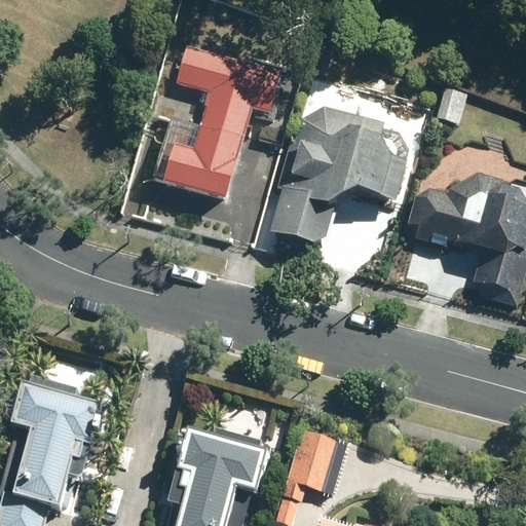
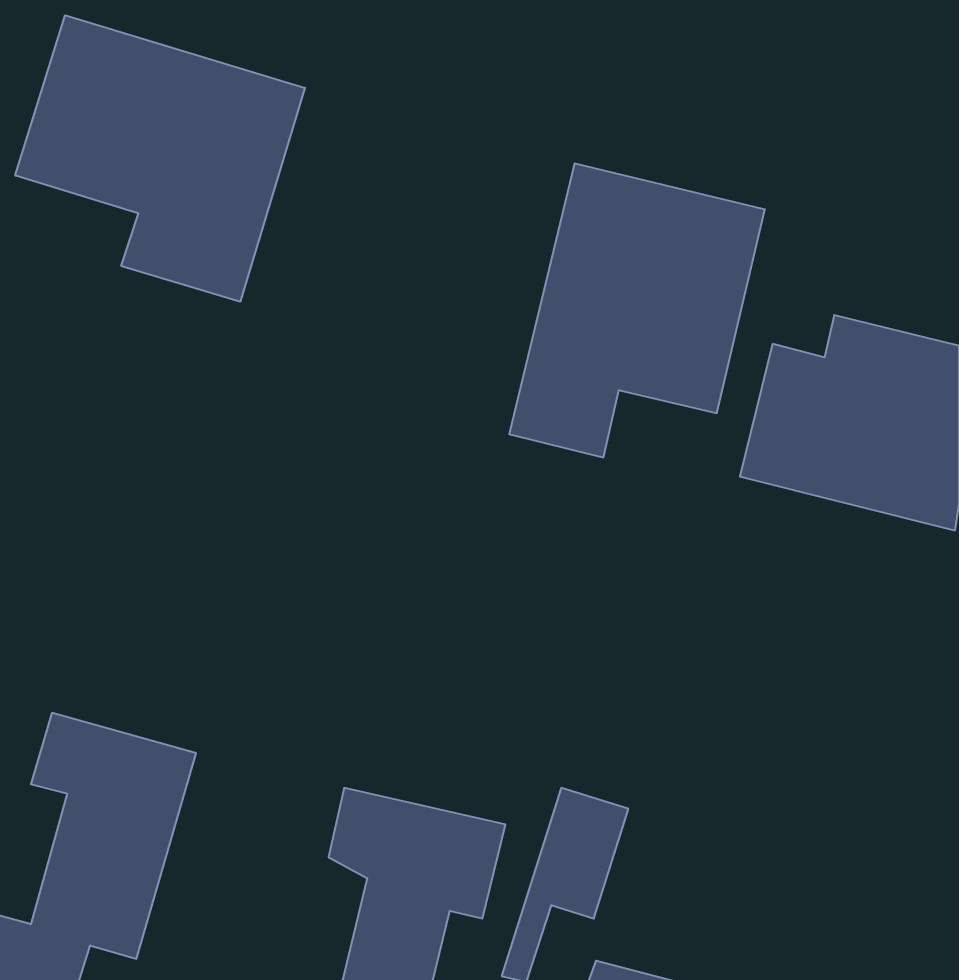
building: none -> [15,15,305,302]
building: [159,52,269,203] -> none

